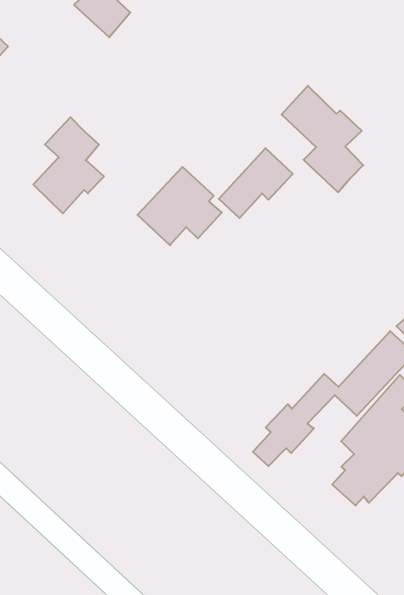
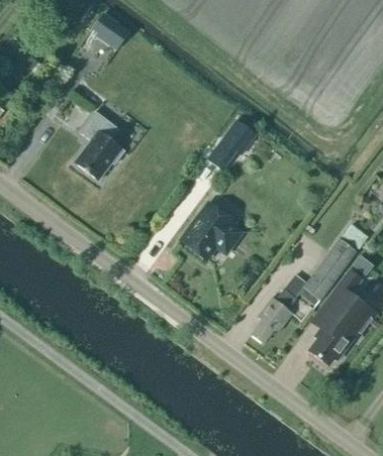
building: [282,86,363,192] -> none
building: [137,167,222,245] -> [180,203,240,259]

